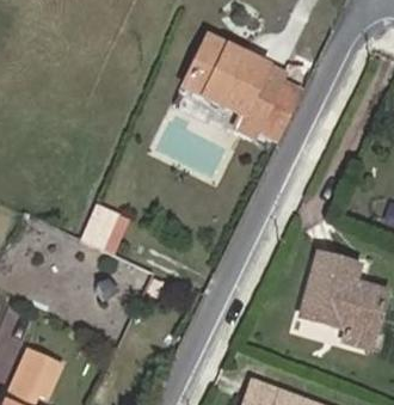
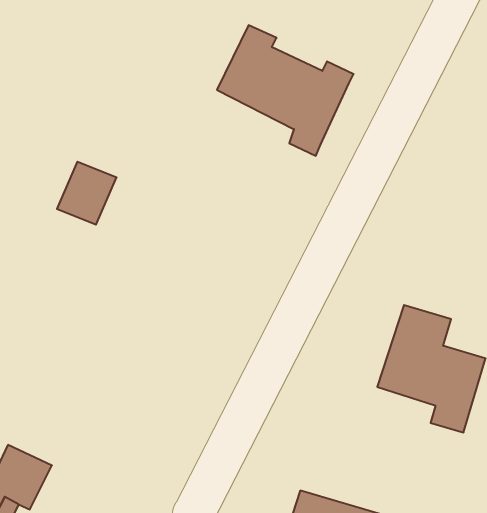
building: [264,75,308,133] -> none
building: [81,203,127,251] -> [57,162,117,225]

